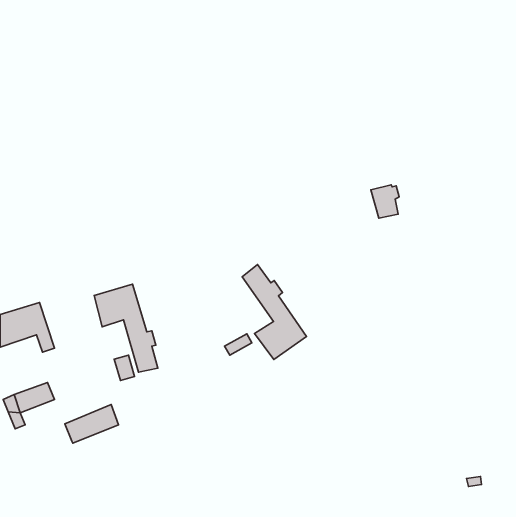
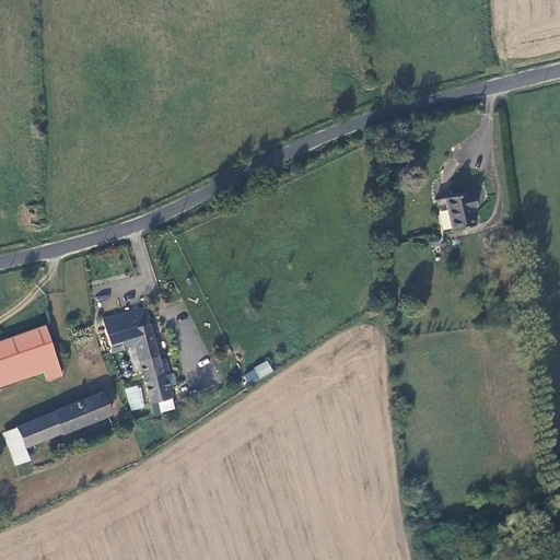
building: [371,185,399,218] -> [443,192,474,229]
building: [242,264,307,359] -> none
building: [65,405,118,443] -> [52,393,110,434]

